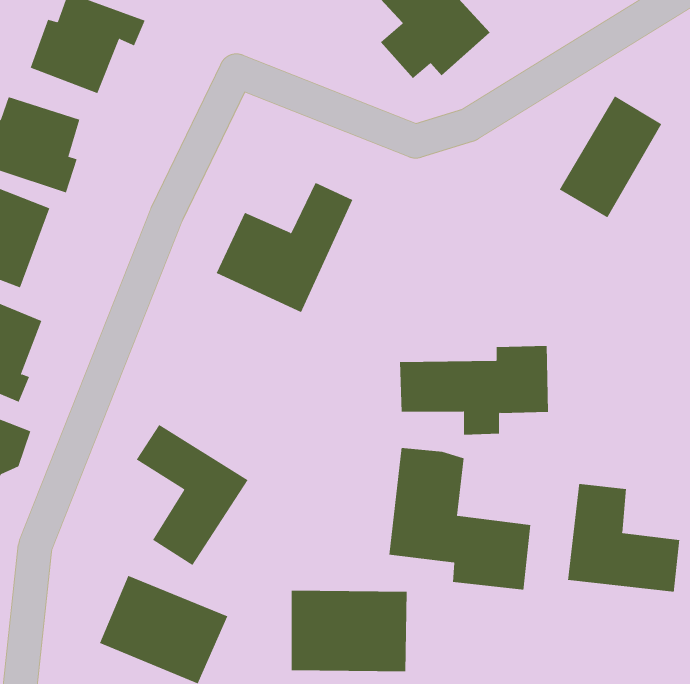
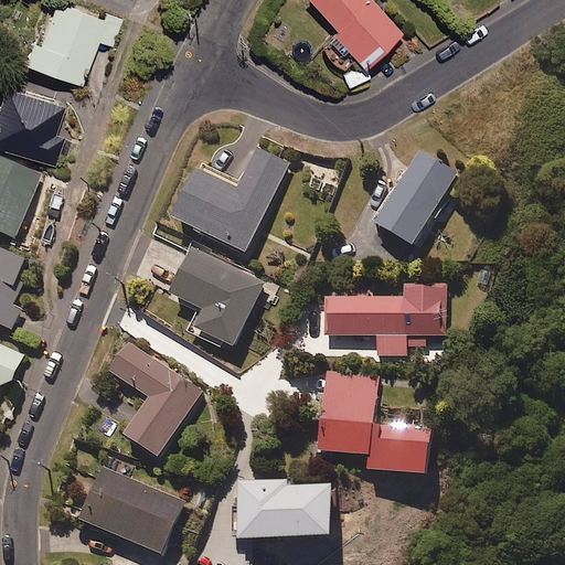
building: [559,96,662,218] -> [373,149,457,248]
building: none -> [171,248,264,350]
building: [568,483,680,593] -> none

